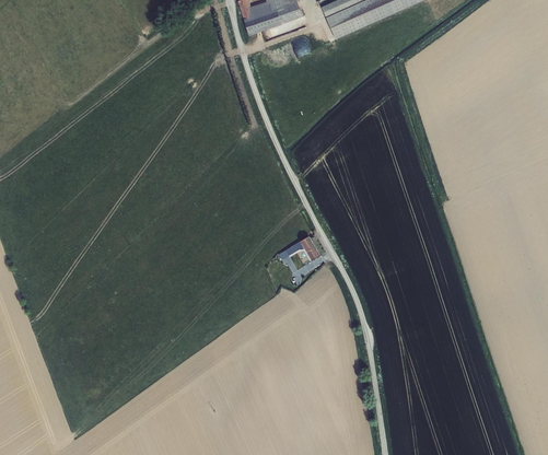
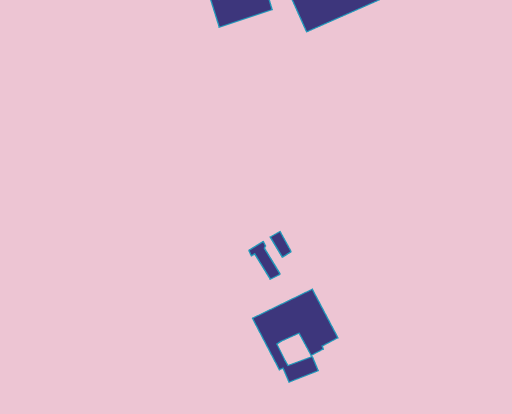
building: none -> [253,289,338,382]

